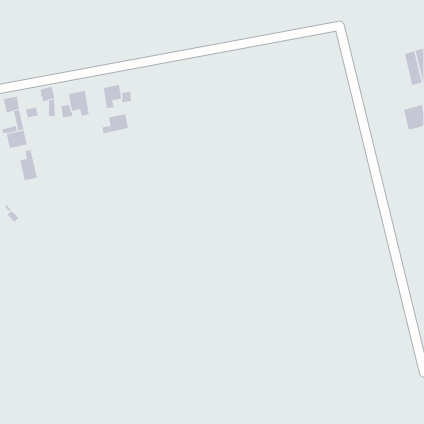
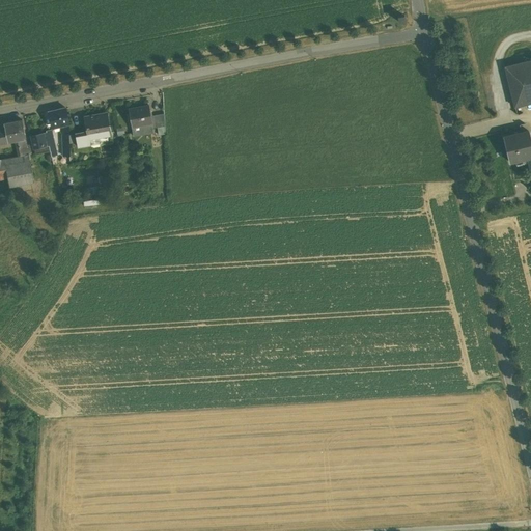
building: [102,114,128,134] -> none
building: [20,149,38,181] -> none

